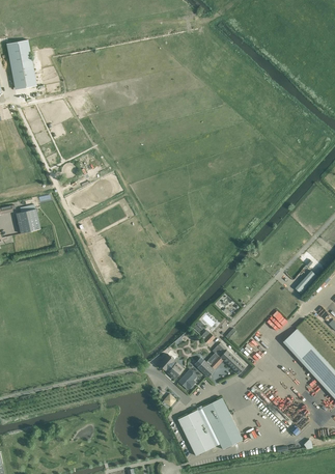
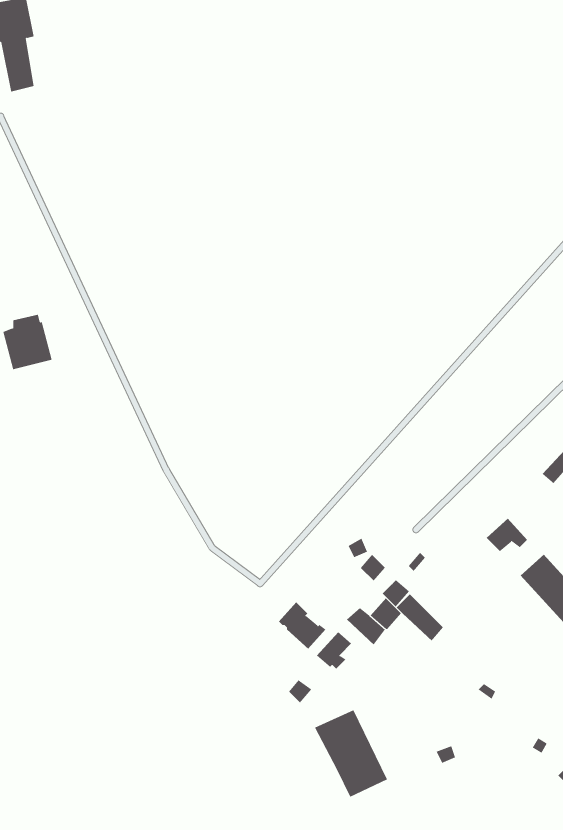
building: [201,397,242,449] -> none

